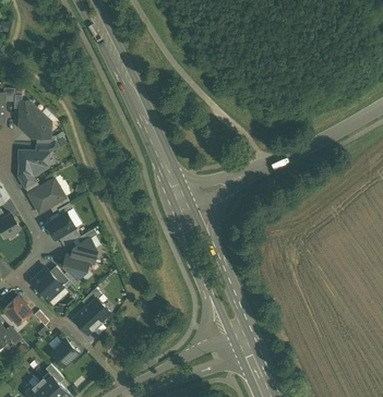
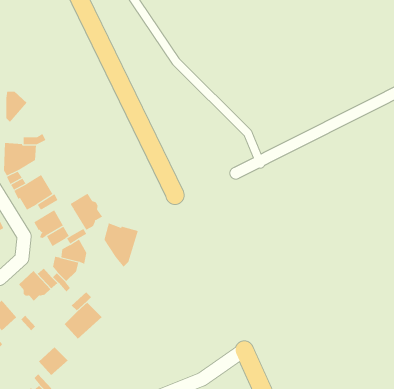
building: [24,112,50,137] -> none
building: none -> [70,193,103,231]
building: none -> [104,222,138,268]

